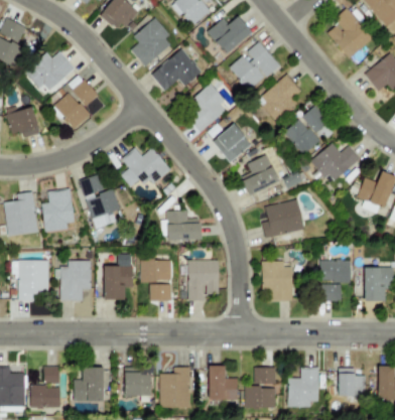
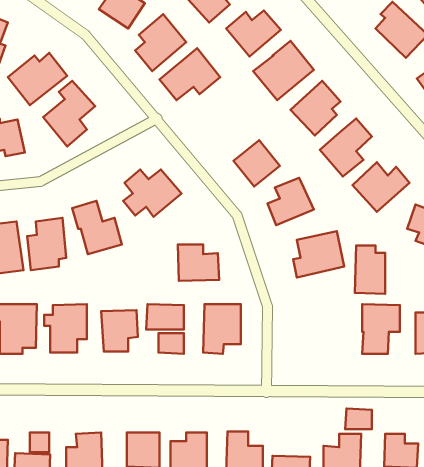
building: [187,85,229,132] -> none
building: [267,261,292,301] -> [355,245,385,294]
building: [253,367,275,384] -> [345,409,372,429]

